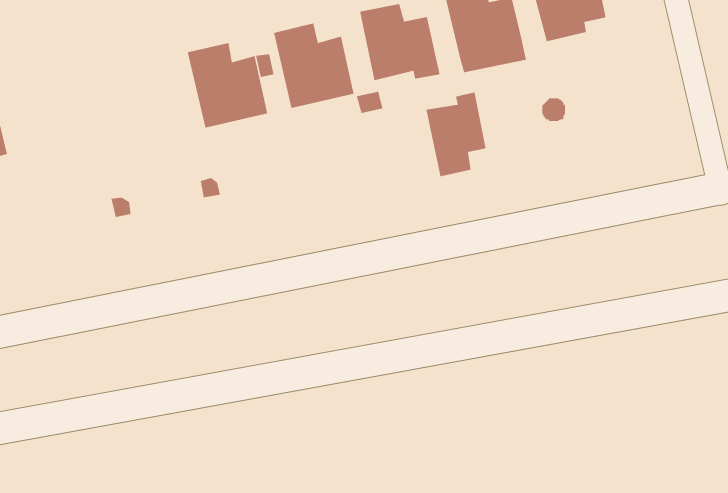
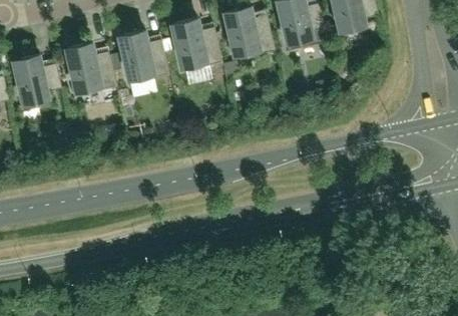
building: none -> [65,43,115,96]
building: none -> [12,55,60,103]
building: [426,91,487,177] -> none

